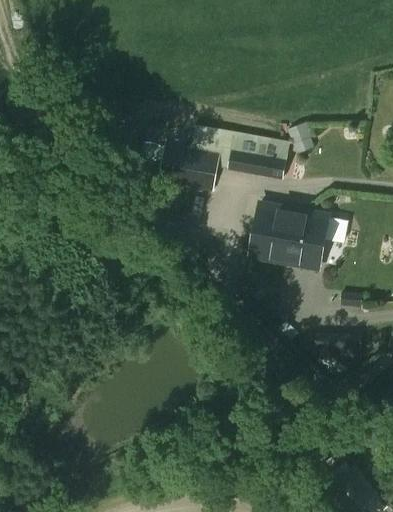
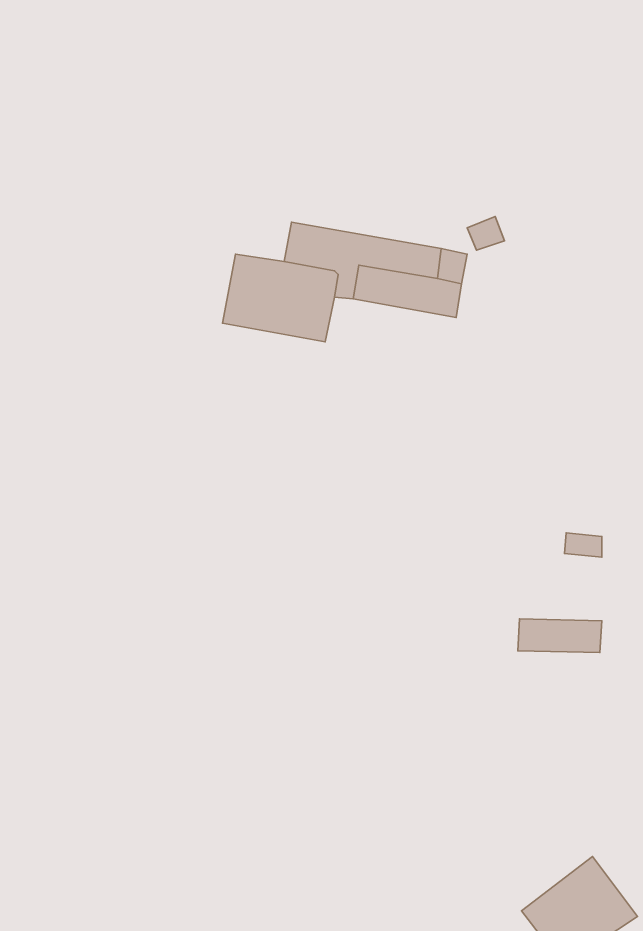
building: [252,205,330,270] -> none

